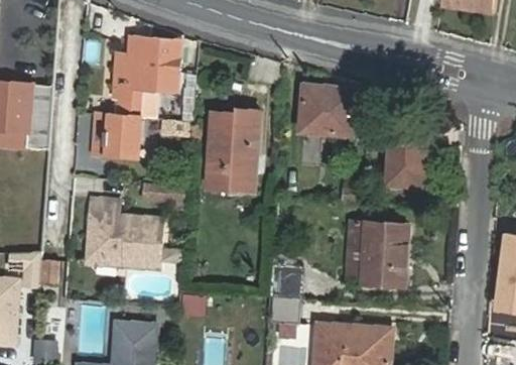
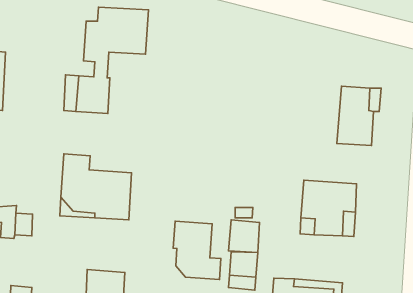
building: [299,88,352,135] -> none
building: [208,113,258,194] -> none
building: none -> [173,221,221,279]

